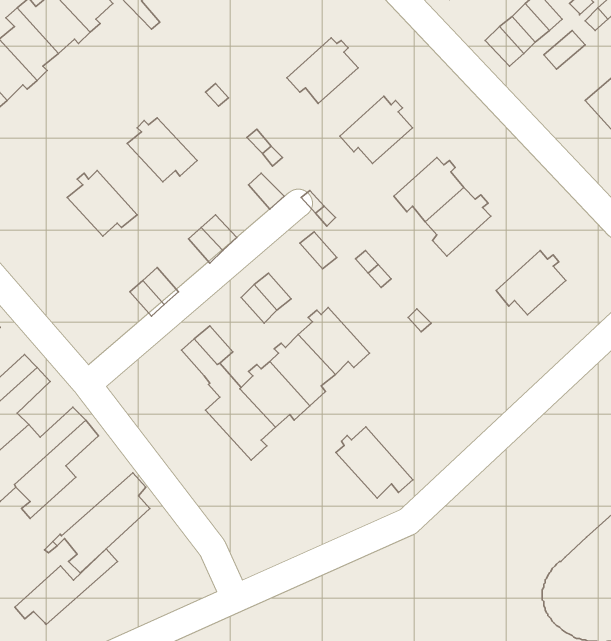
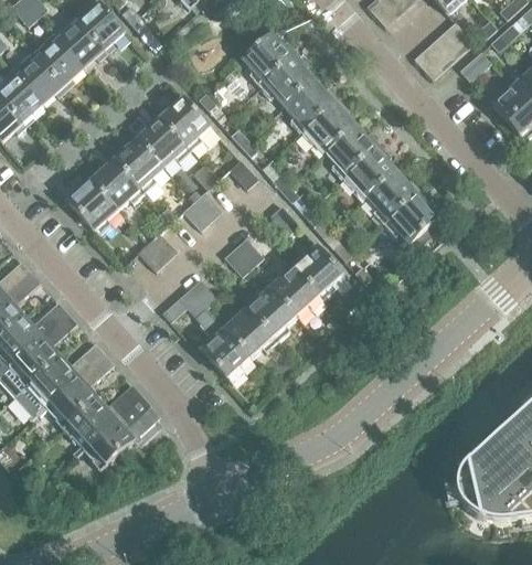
building: none -> [243,32,295,87]
building: none -> [285,79,336,132]
building: none -> [160,97,220,151]
building: none -> [327,126,376,179]
building: none -> [114,138,164,193]
building: none -> [67,180,118,235]
building: [496,251,566,315] -> [384,194,438,244]
building: [336,427,413,498] -> [292,245,352,300]
building: [15,549,118,624] -> [62,383,141,441]

